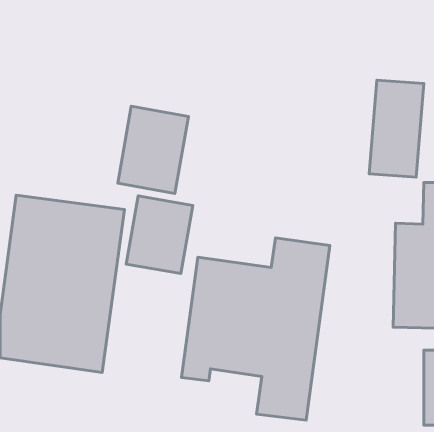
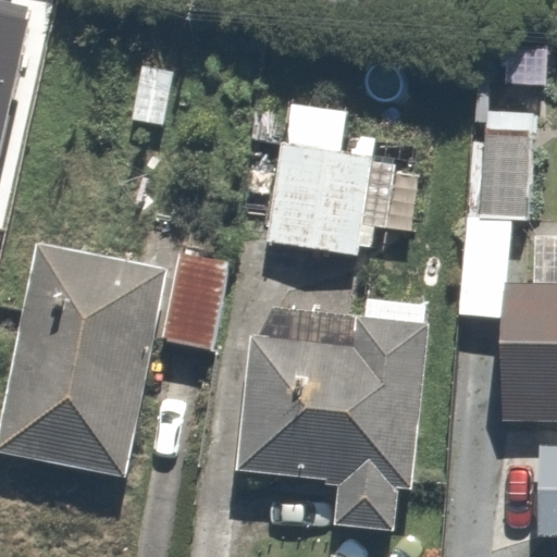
building: none -> [267,89,388,261]
building: [118,106,188,193] -> none

